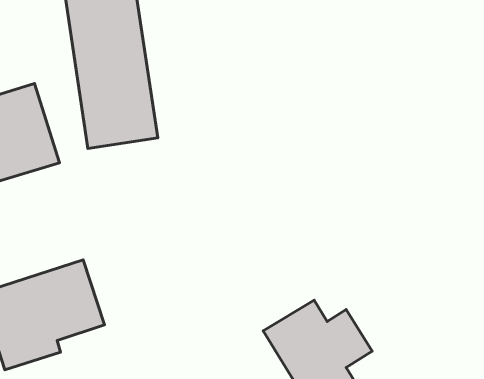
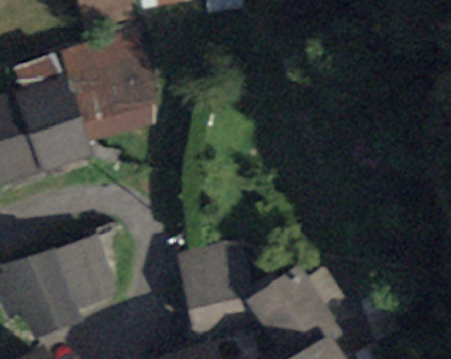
building: none -> [188,257,247,331]

